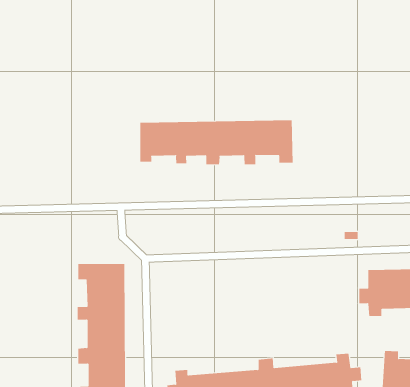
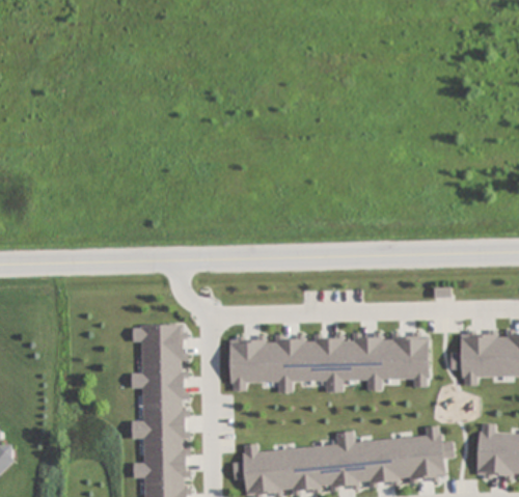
building: [140,119,293,165] -> none
building: none -> [228,332,429,392]

